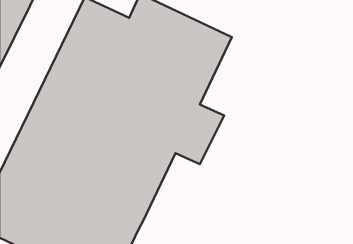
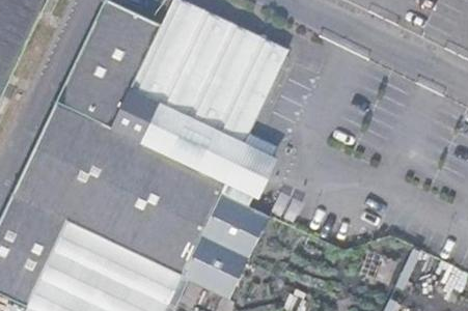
building: none -> [177,194,265,301]

